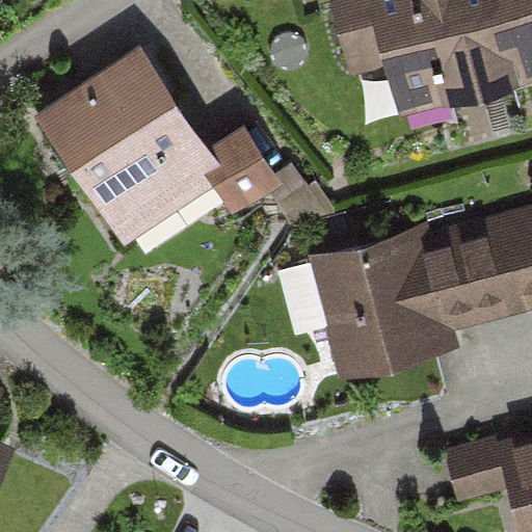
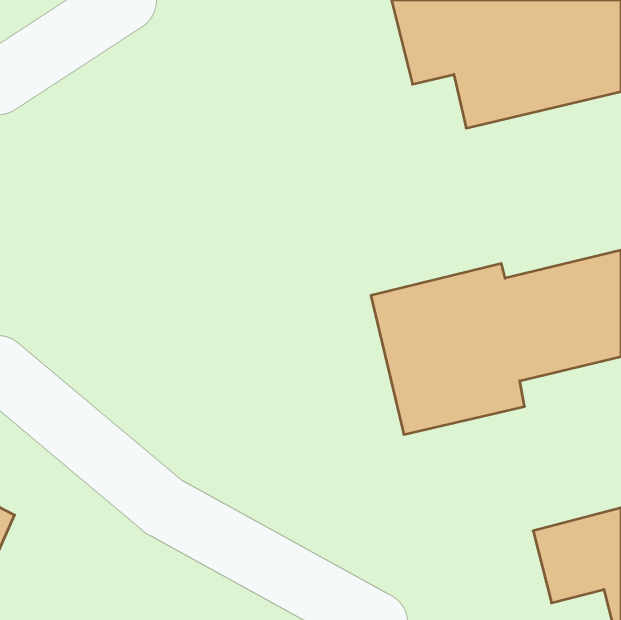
building: [41,48,277,246] -> none

